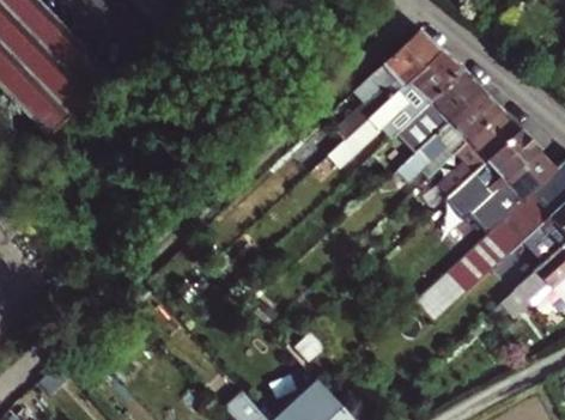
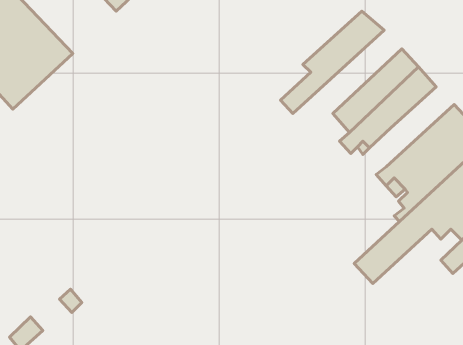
building: [329,49,463,166] -> none
building: [435,110,520,196] -> none

